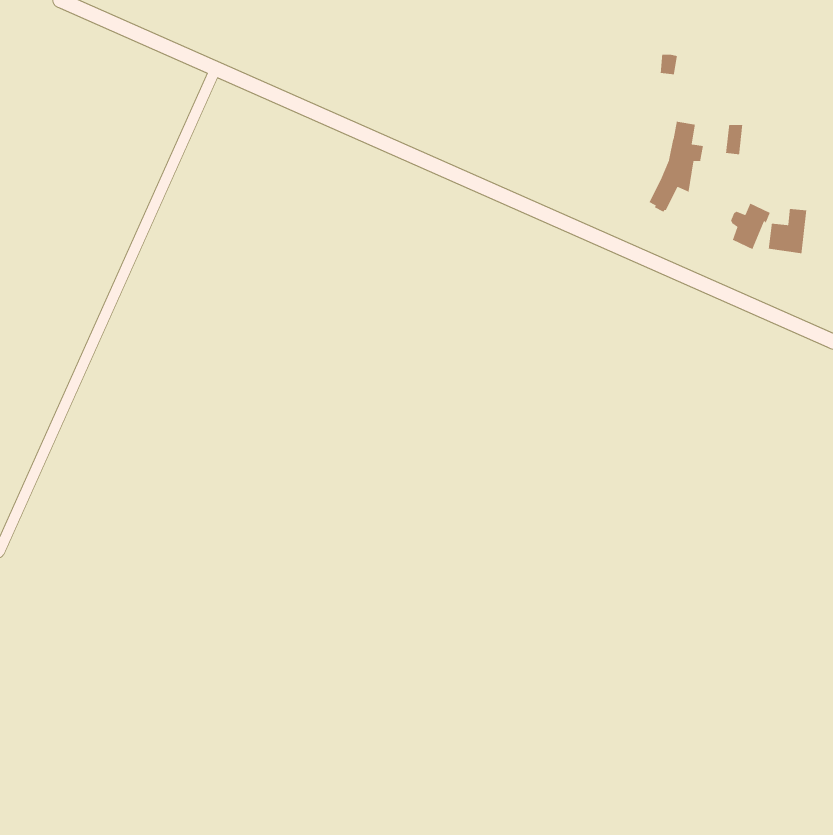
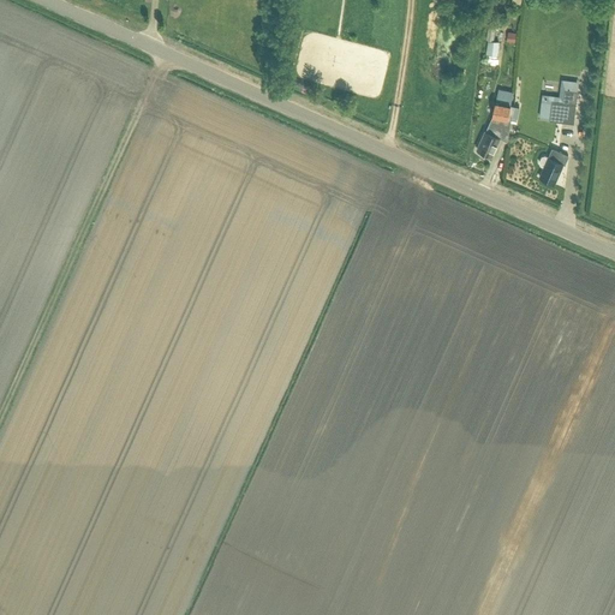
building: [768,208,807,254] -> [548,90,577,124]

